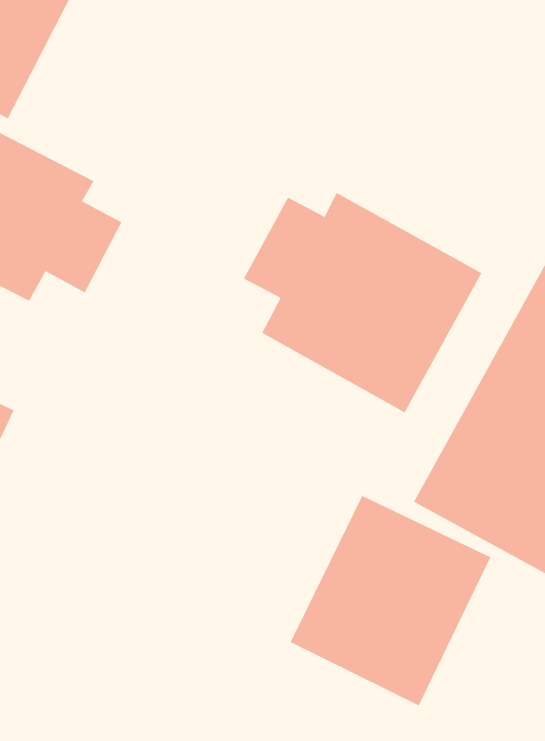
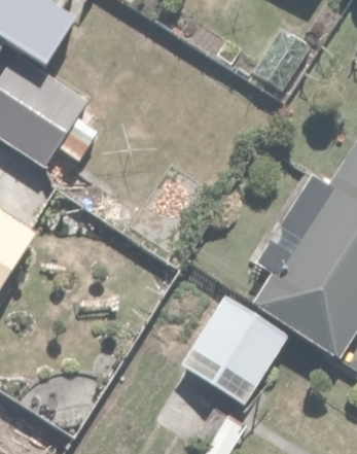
building: [243,192,482,413] -> none

